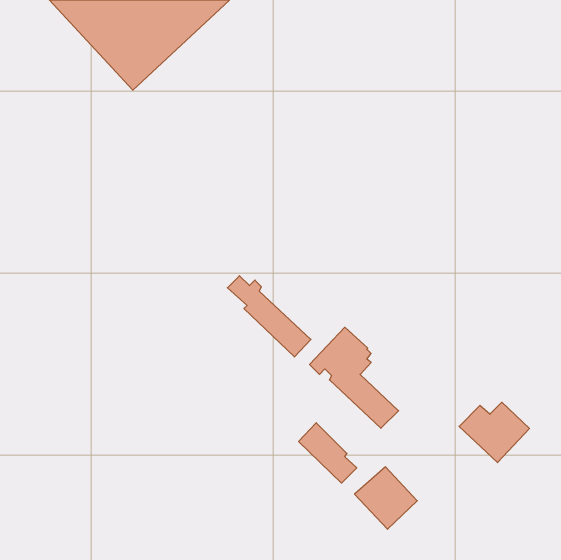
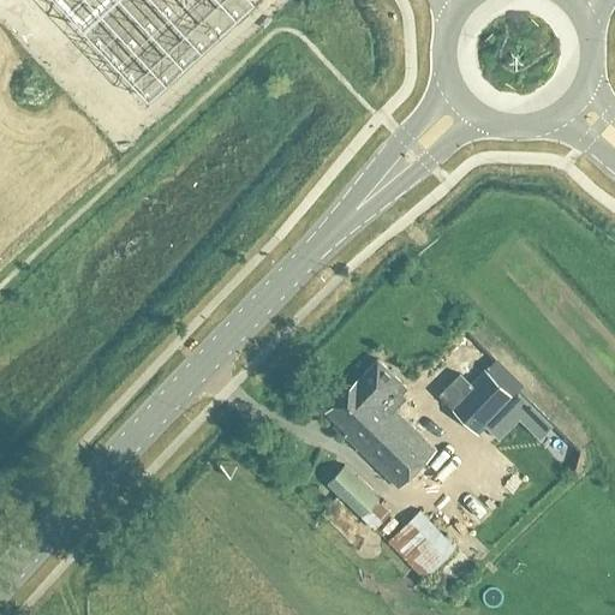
building: [227,276,311,357] -> [326,400,417,489]
building: [459,402,529,463] -> [437,369,514,435]

